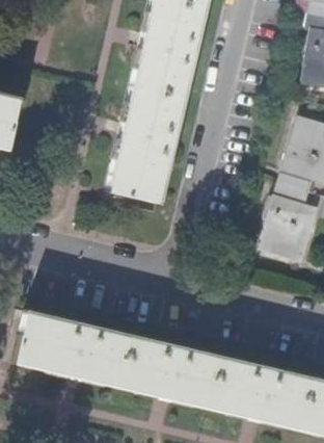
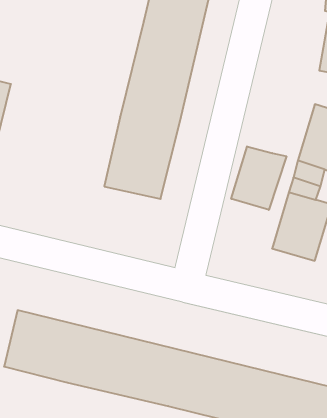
building: none -> [231,146,286,210]

